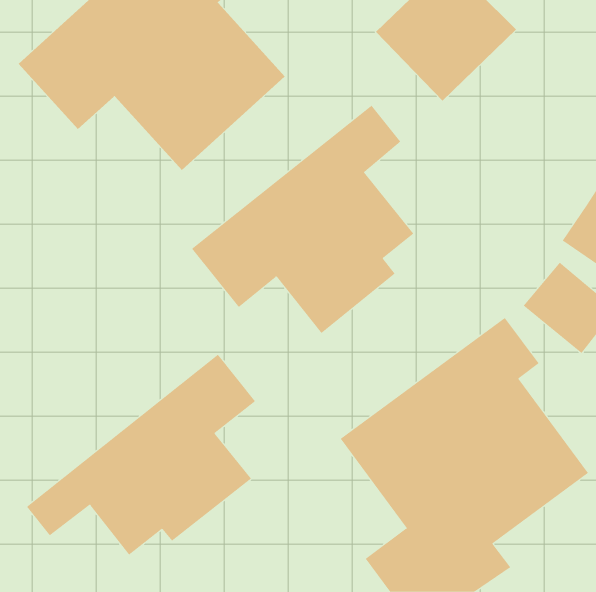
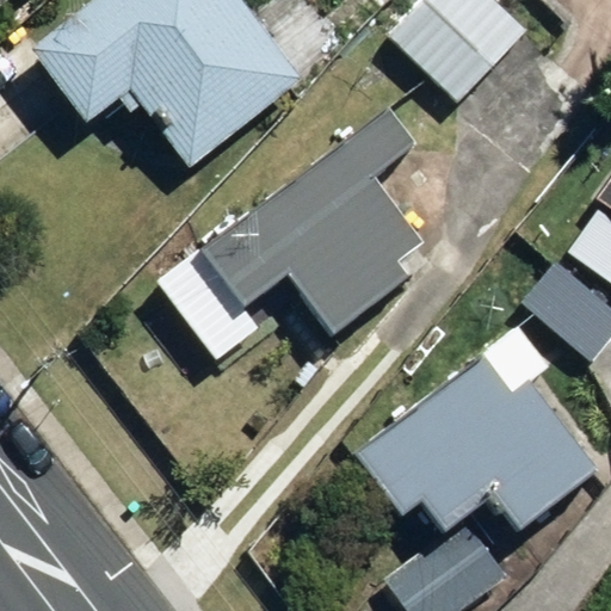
building: [26,354,256,555] -> none

